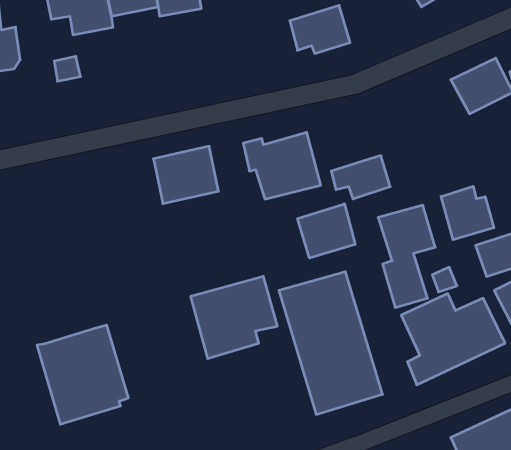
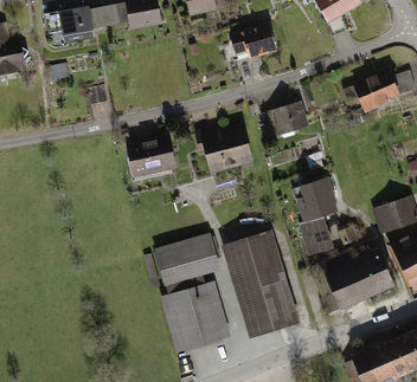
building: [331,156,390,199] -> [264,102,309,135]
building: [441,186,494,240] -> none
building: [298,204,355,258] -> none
building: [37,325,128,424] -> [160,280,230,356]

